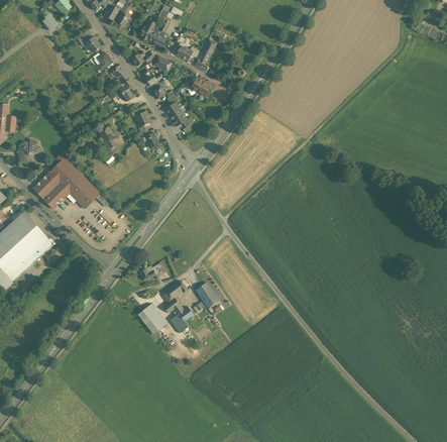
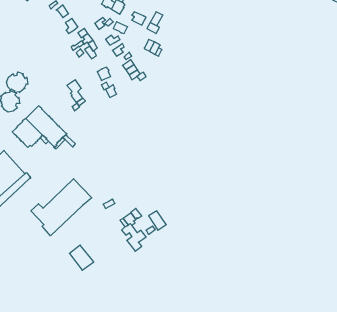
building: none -> [6,72,28,93]
building: none -> [31,179,92,236]
building: [138,304,167,334] -> [69,245,94,270]

